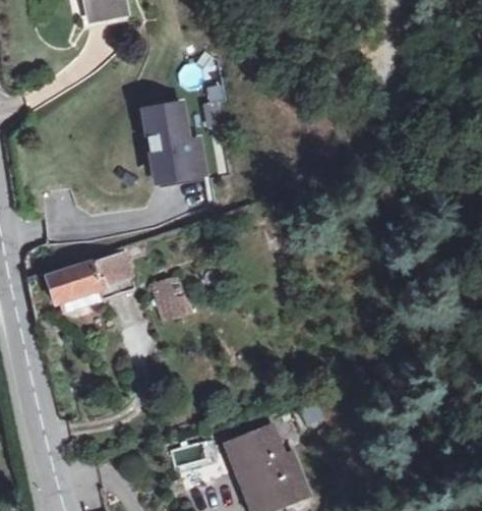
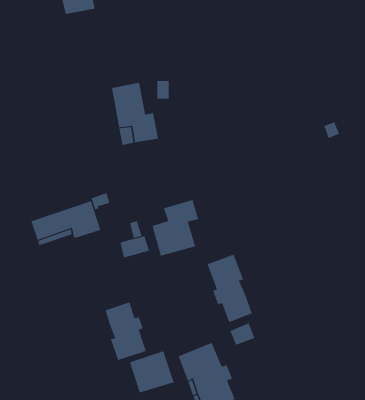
building: none -> [152,199,199,256]
building: none -> [207,254,253,323]
building: none -> [105,301,146,361]

